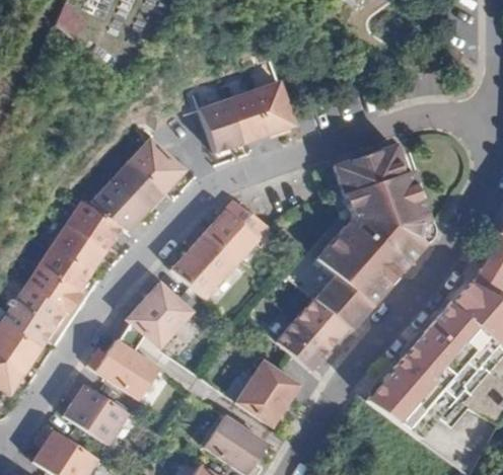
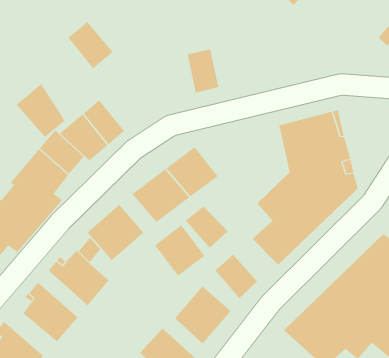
building: [247,81,289,134] -> none
building: [196,100,235,153] -> none
building: [128,141,182,194] -> [68,21,114,69]
building: none -> [16,83,65,138]
building: none -> [154,225,205,277]
building: [298,301,349,348] -> [185,206,228,249]

